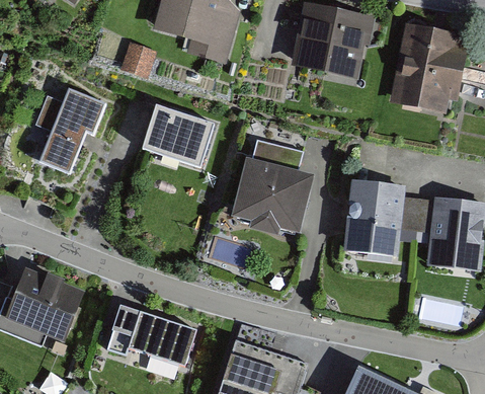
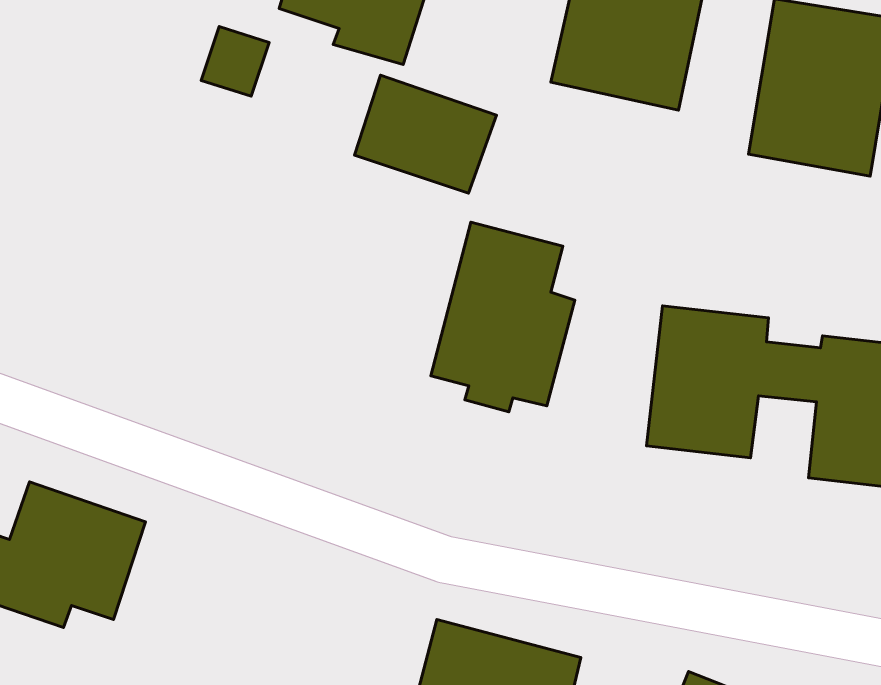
building: [38,90,109,173] -> none
building: [143,106,215,166] -> [355,75,496,193]
building: [114,308,198,367] -> none

